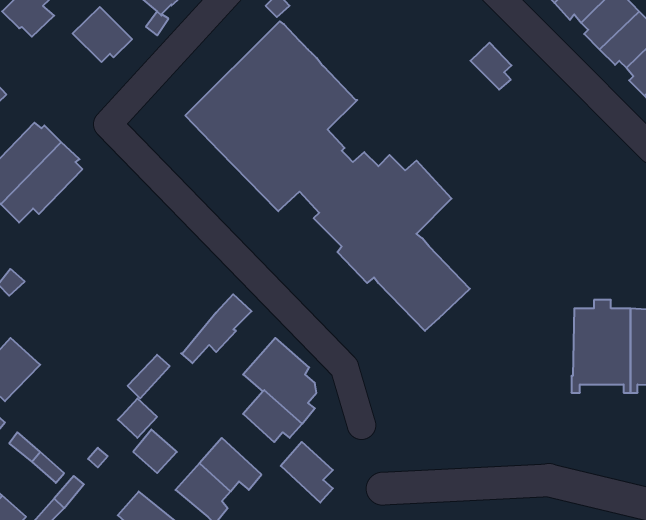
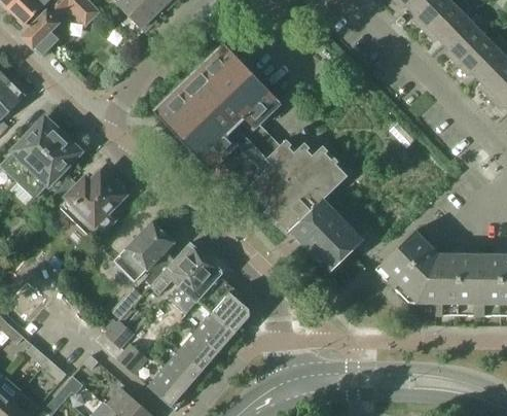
building: [73,7,132,62] -> none
building: [470,43,512,90] -> none
building: none -> [58,172,123,237]
building: none -> [113,221,177,286]
building: none -> [375,230,439,303]
building: none -> [177,255,222,309]
building: [281,442,333,503] -> [181,331,219,375]

